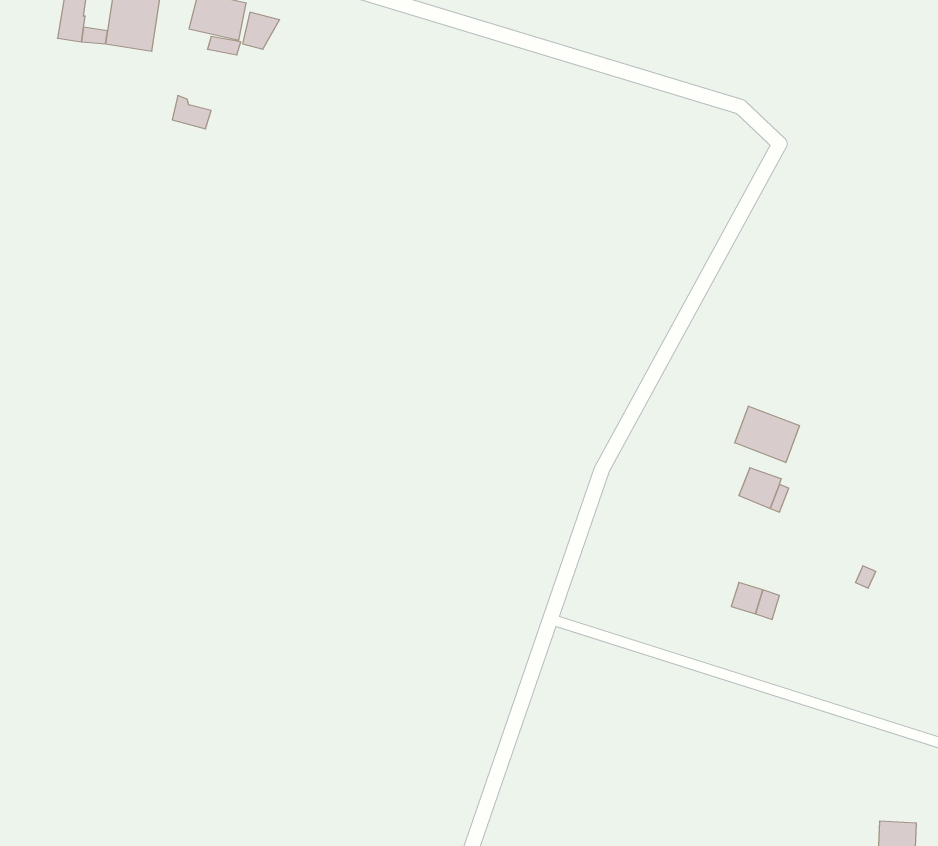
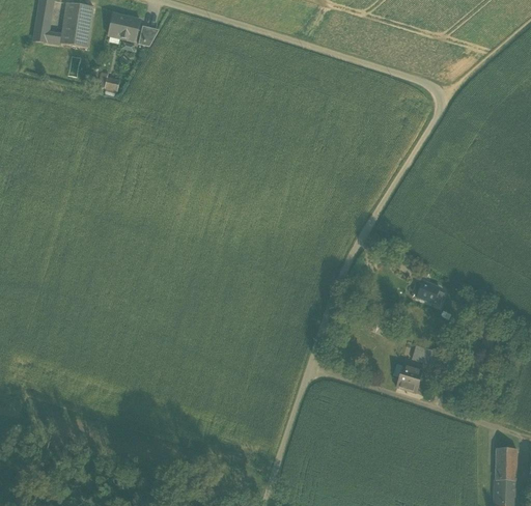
building: [735,406,799,463] -> none
building: none -> [396,364,422,391]
building: none -> [495,447,516,479]

